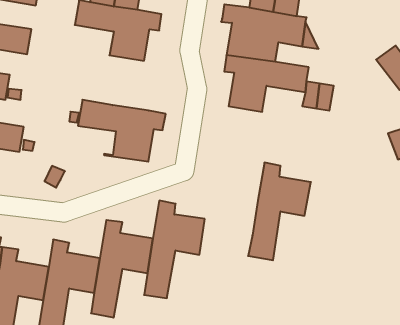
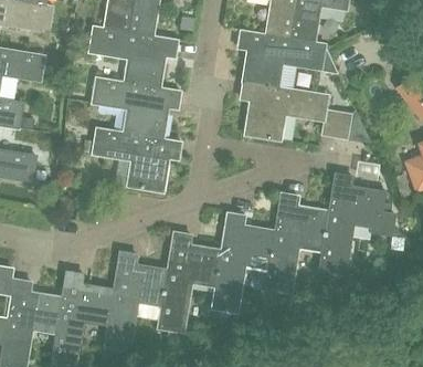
building: none -> [92,77,180,139]
building: none -> [319,174,393,273]
building: none -> [212,212,275,312]

